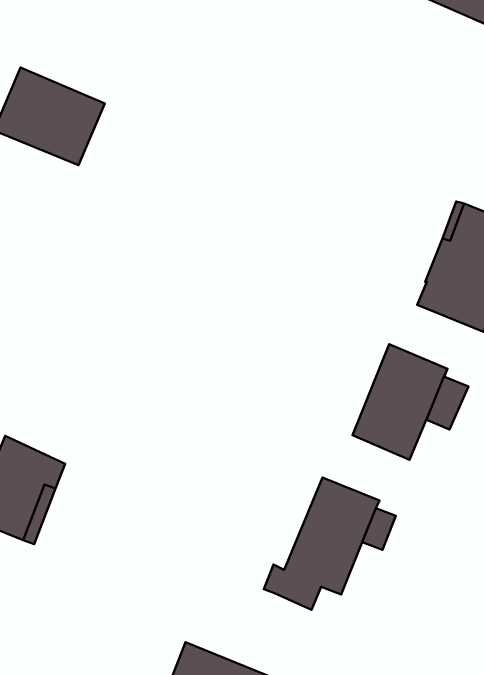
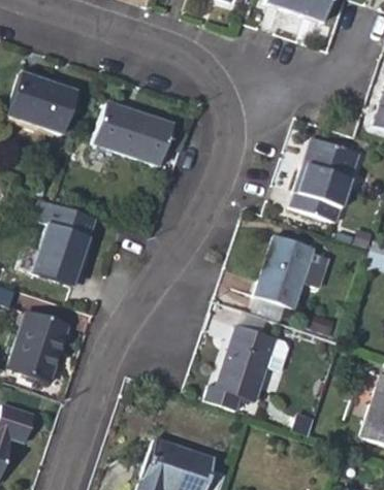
building: none -> [93,103,173,164]
building: none -> [33,199,97,286]

